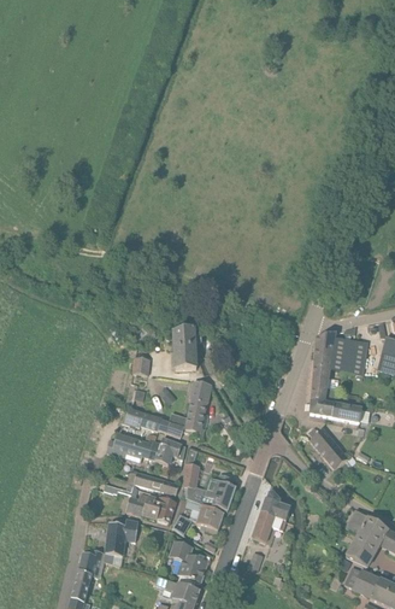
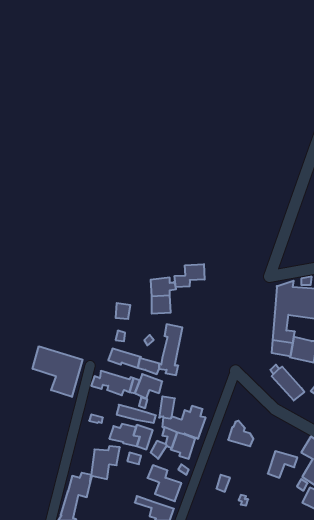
building: none -> [175,264,205,287]
building: none -> [33,346,83,397]
building: [252,513,285,543] -> [268,451,297,478]

